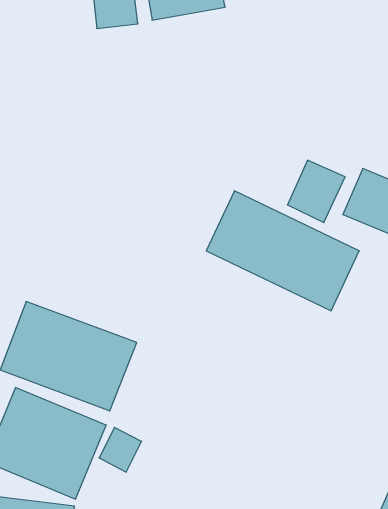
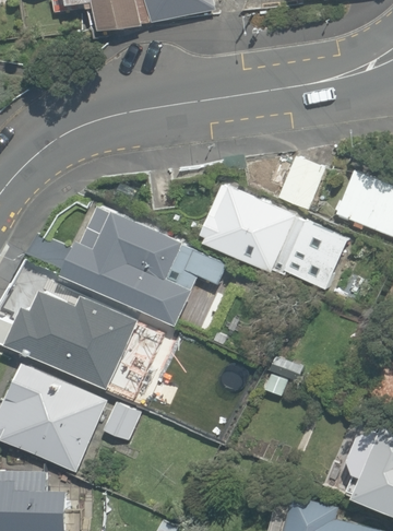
building: none -> [20,206,225,328]

